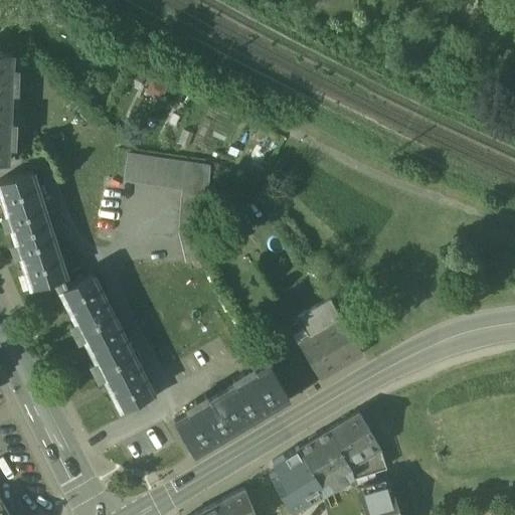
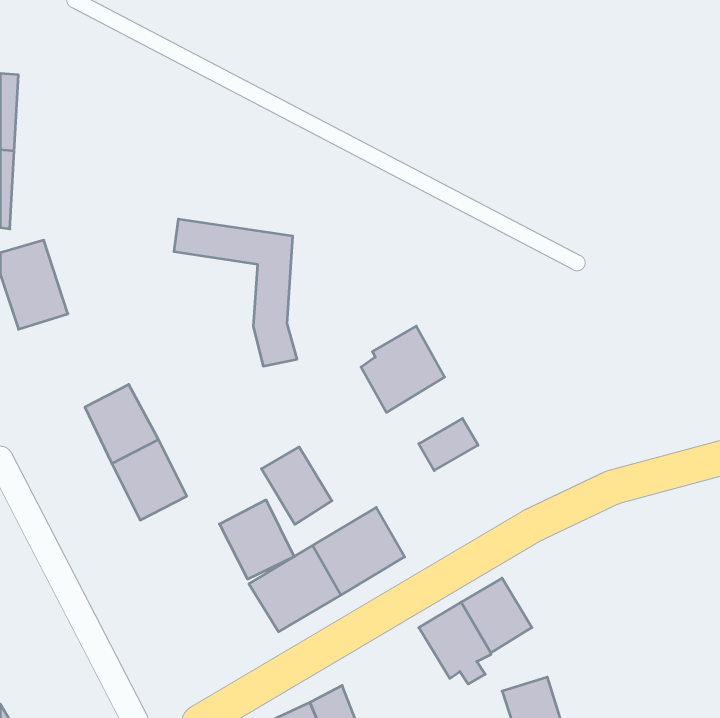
building: [15,226,67,290] -> none
building: [303,320,362,381] -> [361,326,445,412]
building: none -> [261,447,332,524]
building: [102,356,155,412] -> [219,500,294,579]
building: [271,450,322,509] -> none
building: [351,450,386,480] -> none

